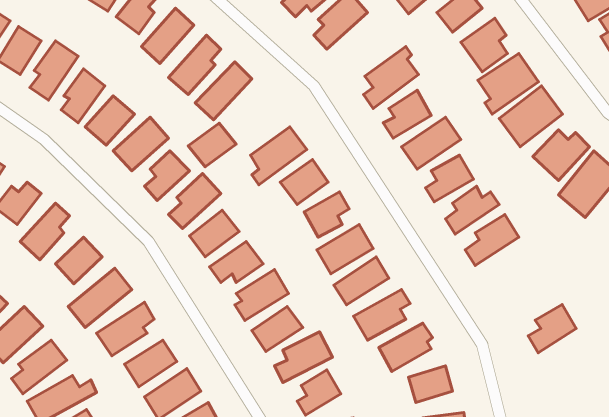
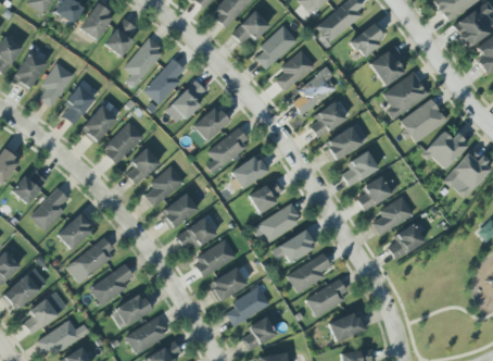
building: none -> [275,49,316,90]
building: [188,123,236,167] -> [192,107,229,140]
building: [528,305,576,353] -> [388,223,425,260]

